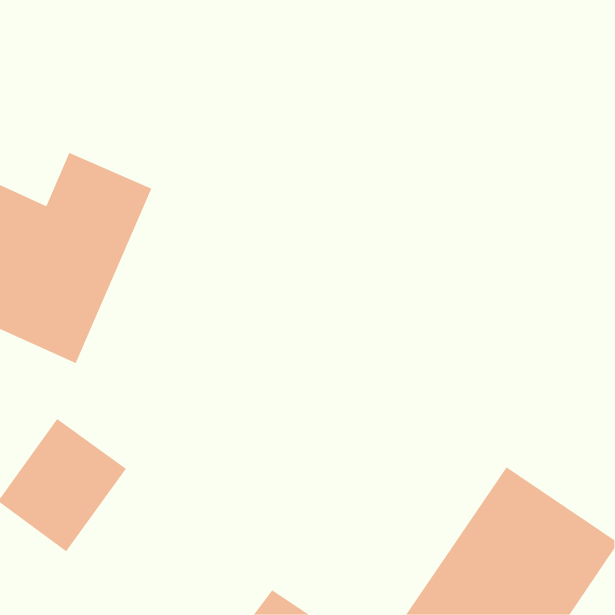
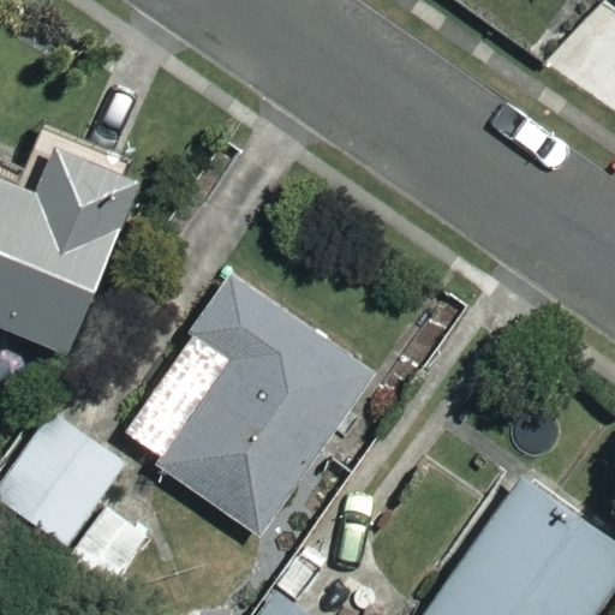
building: none -> [131,279,359,527]

